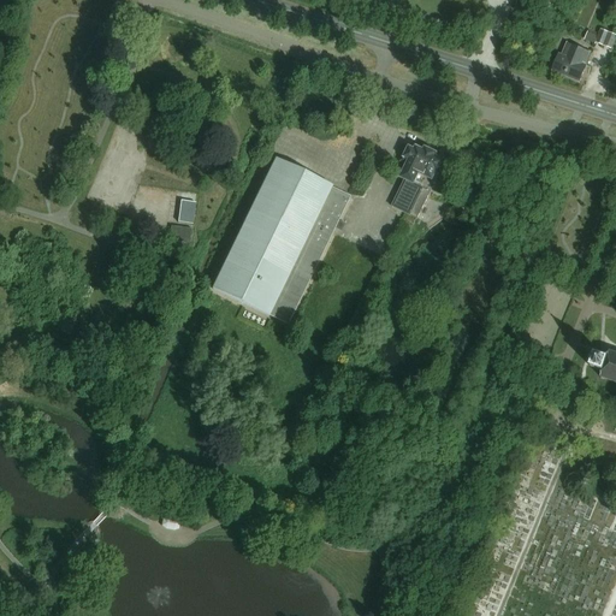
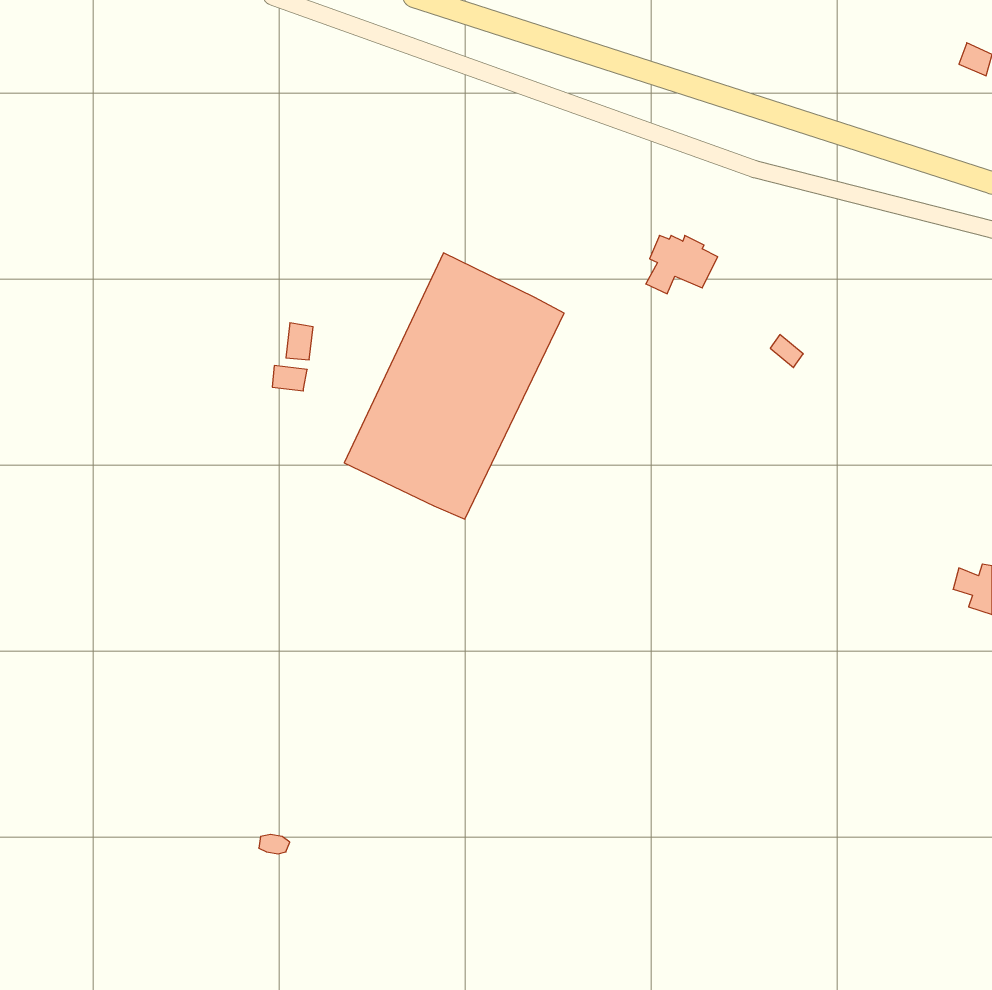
building: [550,40,590,77] -> none
building: [391,178,424,213] -> none

